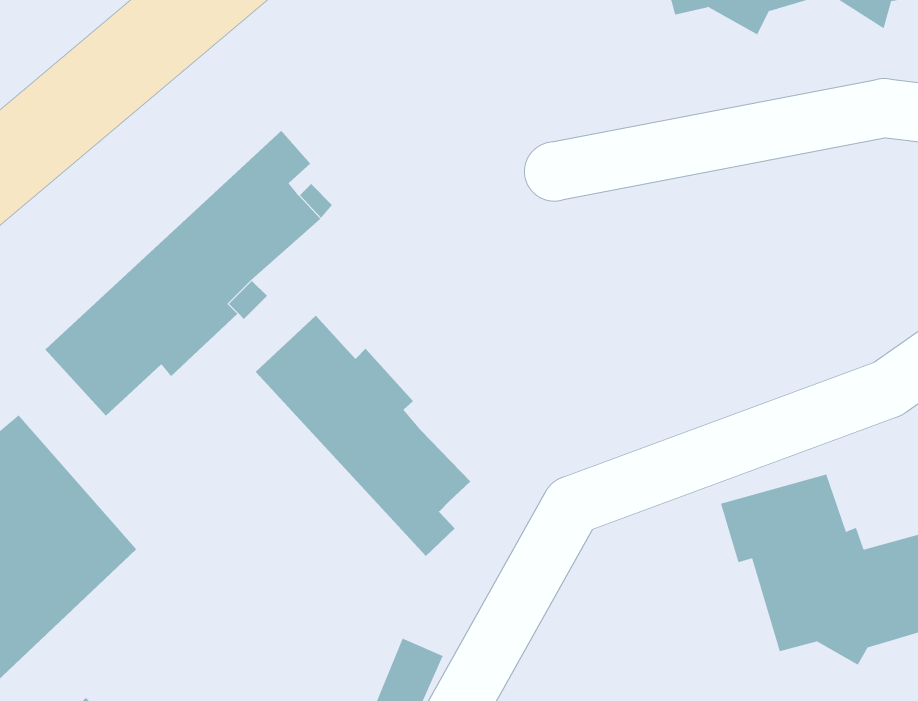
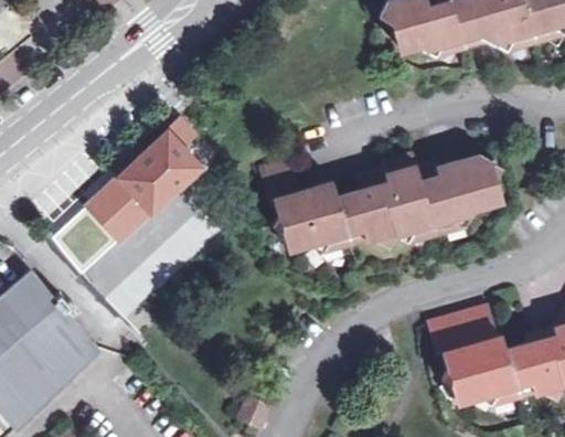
building: none -> [259,152,502,258]
building: [255,315,471,557] -> none

